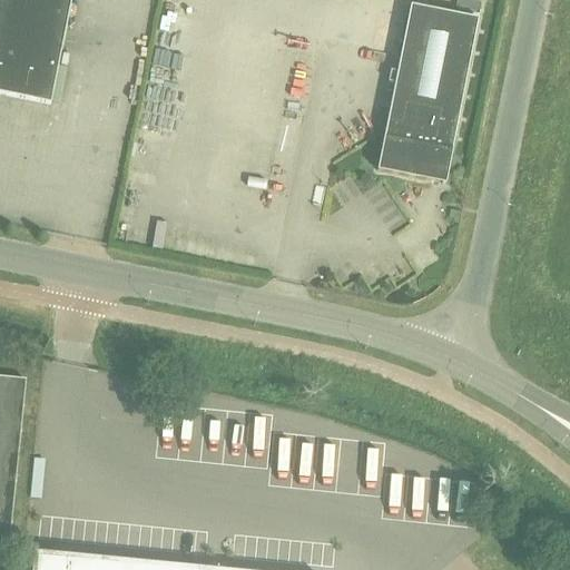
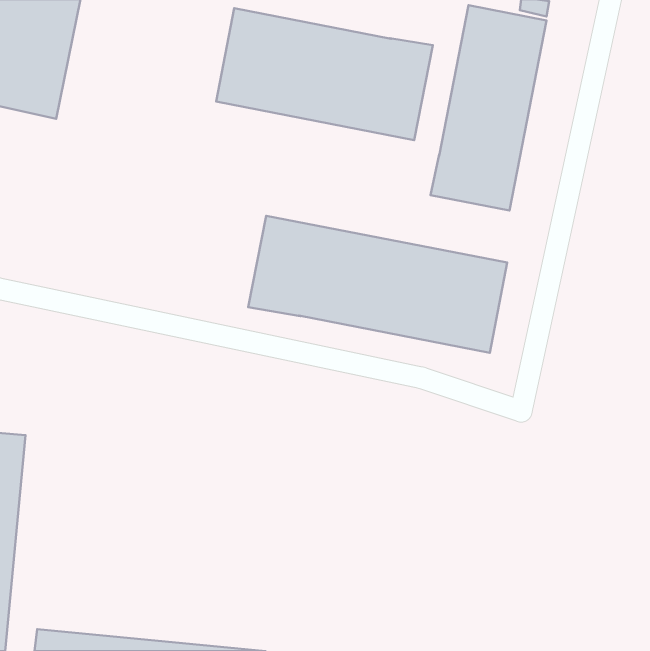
building: none -> [216,8,433,140]
building: none -> [248,216,507,353]

